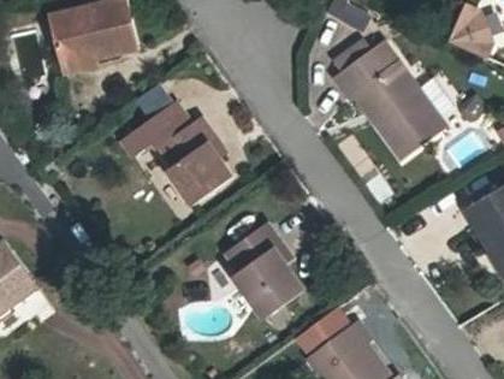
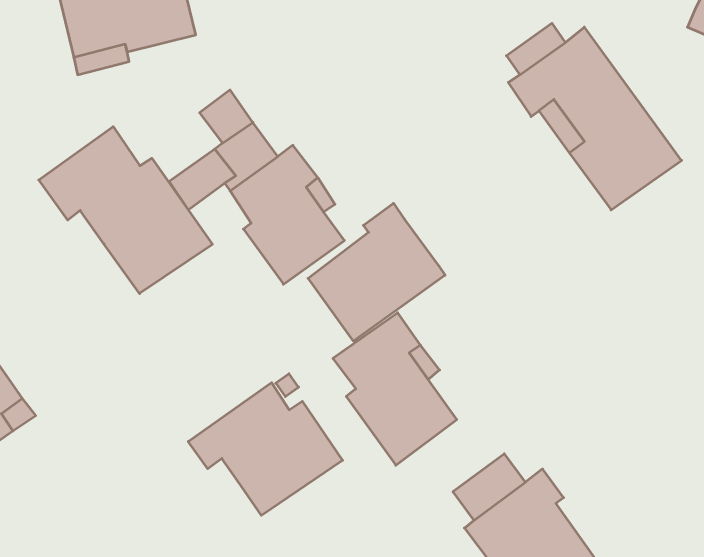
building: none -> [39,127,212,294]
building: none -> [308,203,445,341]
building: none -> [188,383,343,515]

